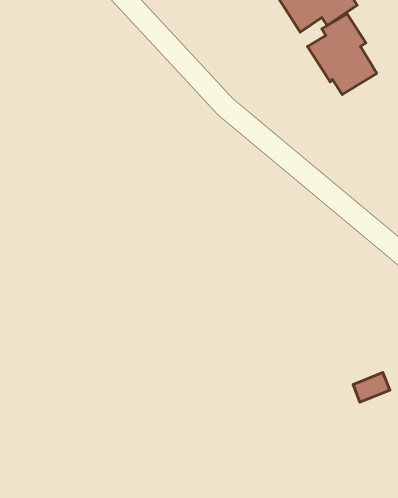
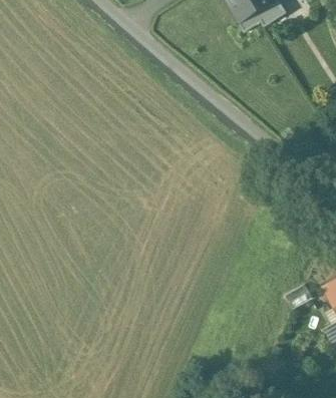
building: [307,14,377,95] -> none

